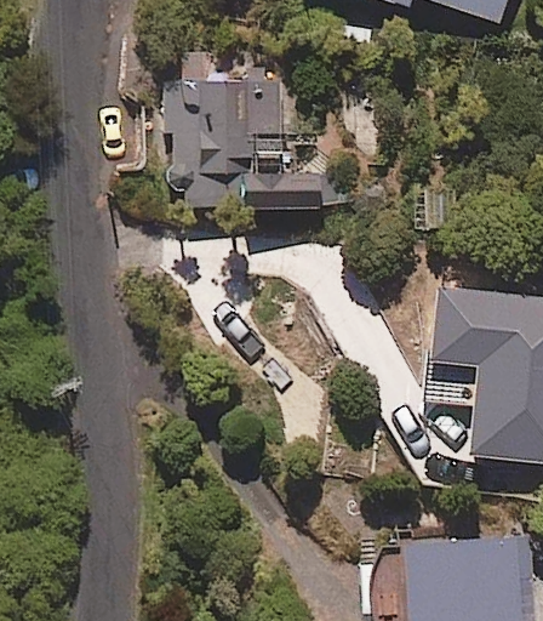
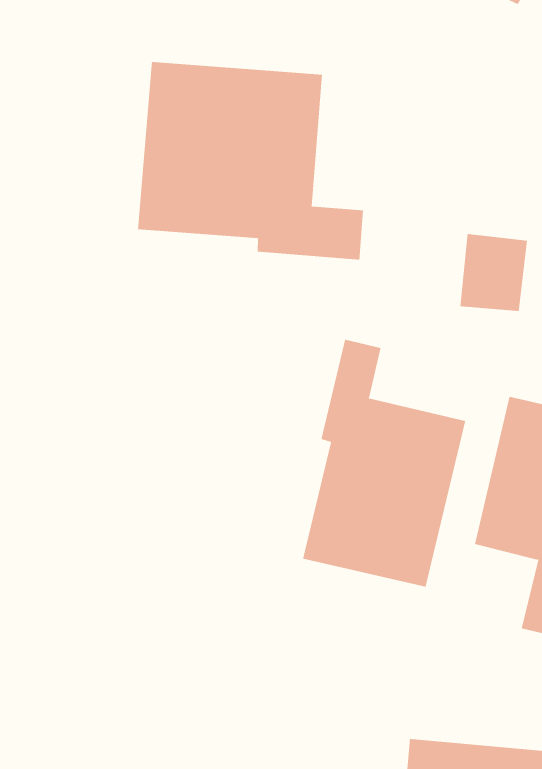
building: none -> [302,339,466,587]

